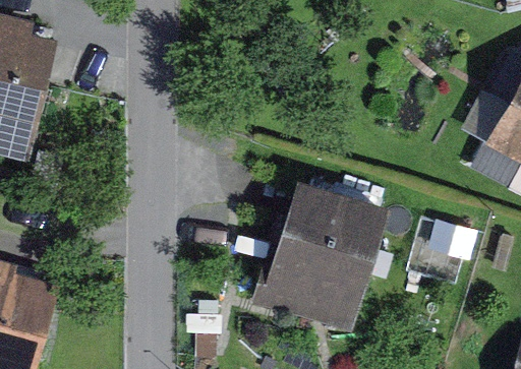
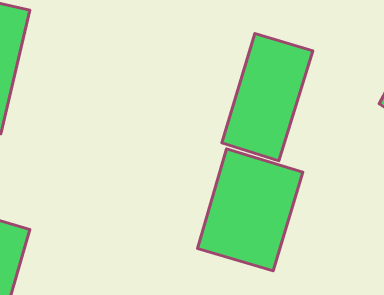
building: none -> [222,34,313,161]

